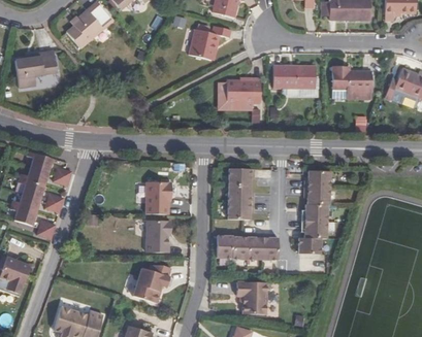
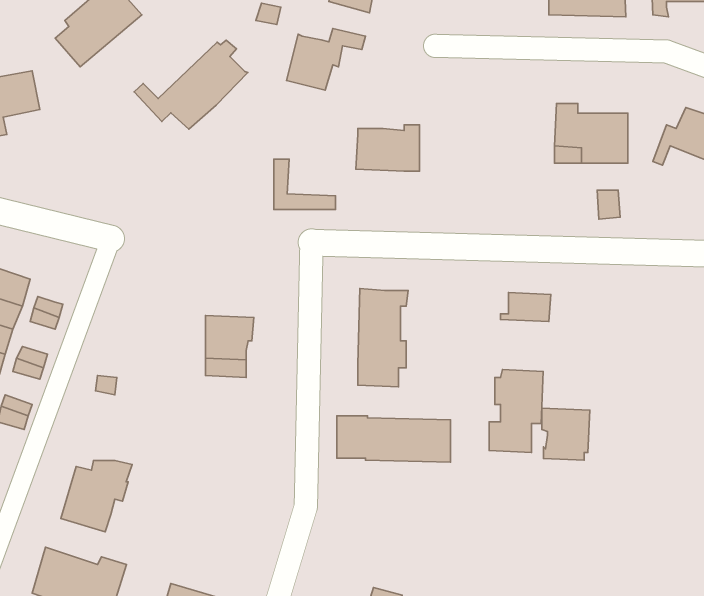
building: none -> [134,40,248,129]
building: [273,66,317,90] -> none
building: [220,83,253,110] -> [274,159,335,209]
building: [304,182,330,210] -> [542,408,590,460]
building: [145,217,172,249] -> none
building: [133,264,171,302] -> [61,461,132,532]
building: [236,280,266,313] -> none

